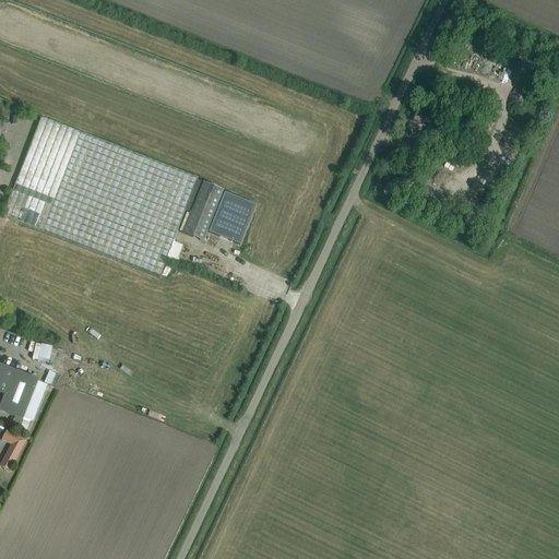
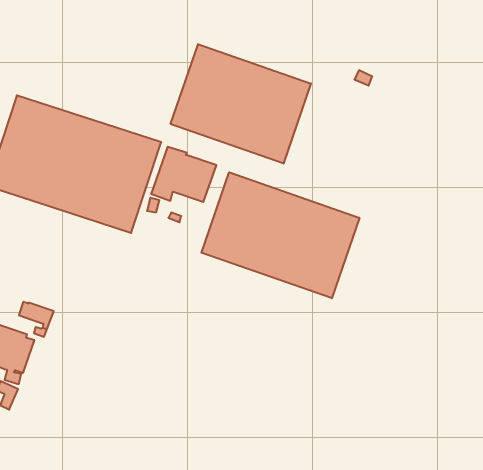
building: none -> [171,44,311,164]
building: none -> [202,172,359,298]

